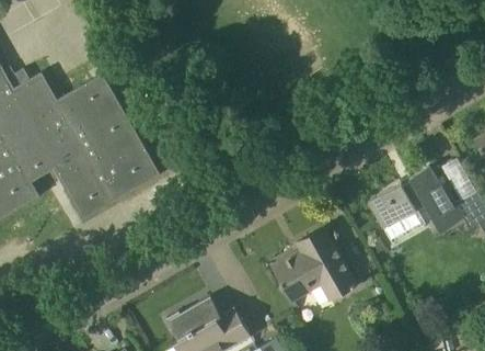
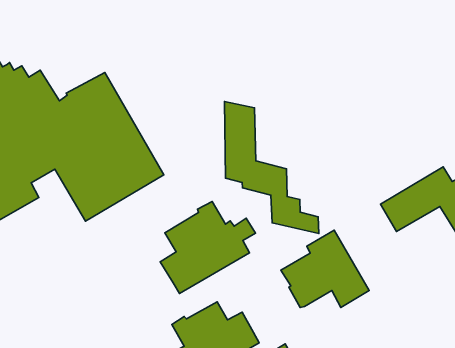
building: none -> [224,101,319,234]
building: none -> [160,201,256,293]

